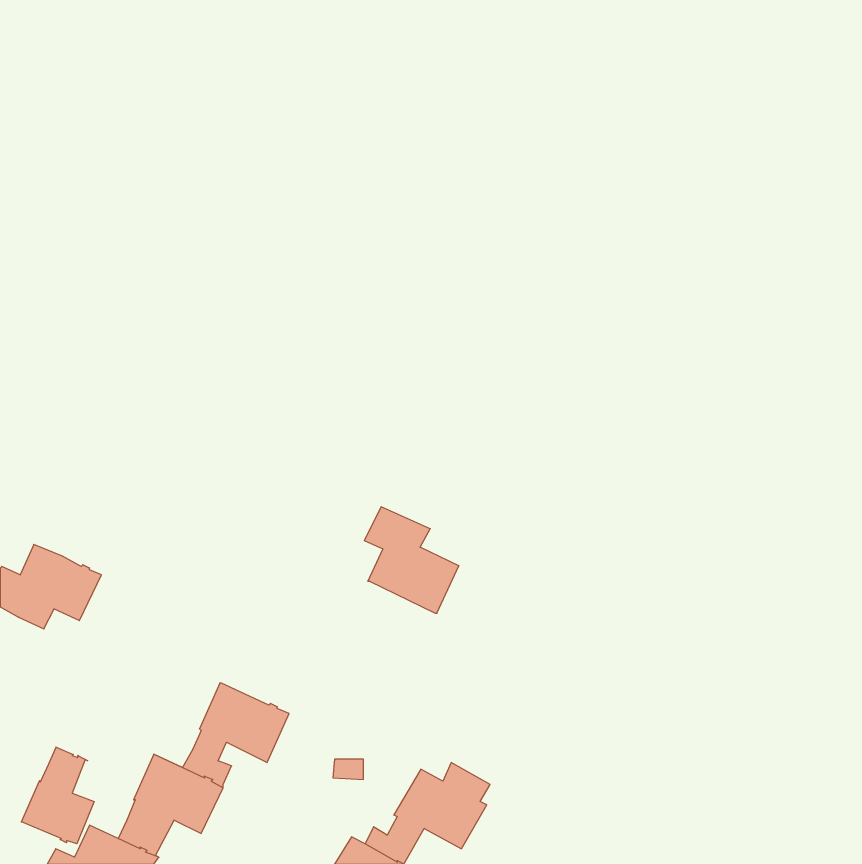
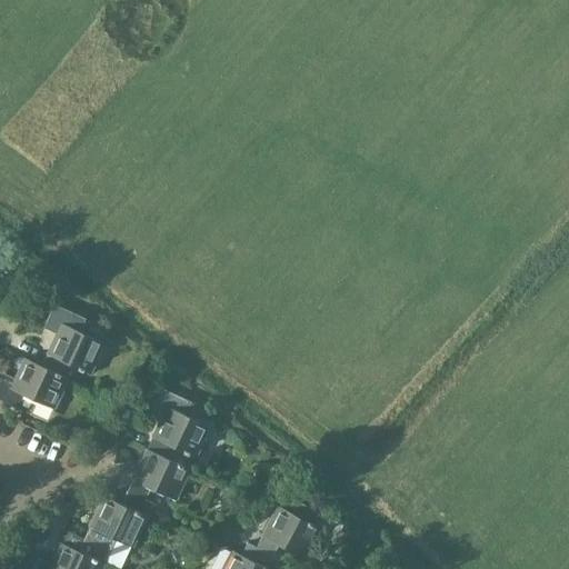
building: none -> [42,305,104,378]
building: [364,507,459,613] -> [149,388,211,458]
building: [21,747,94,844] -> none

